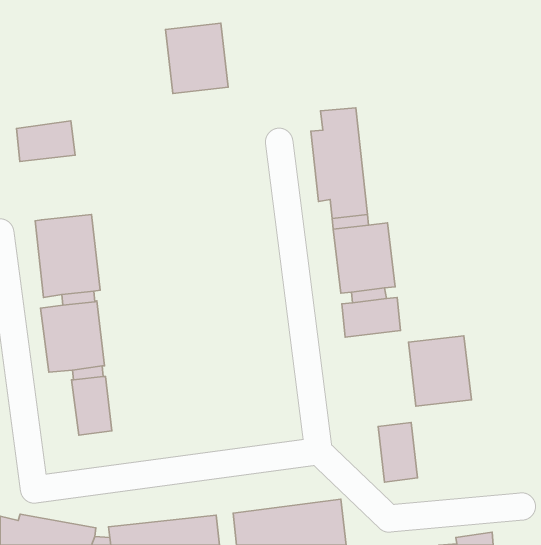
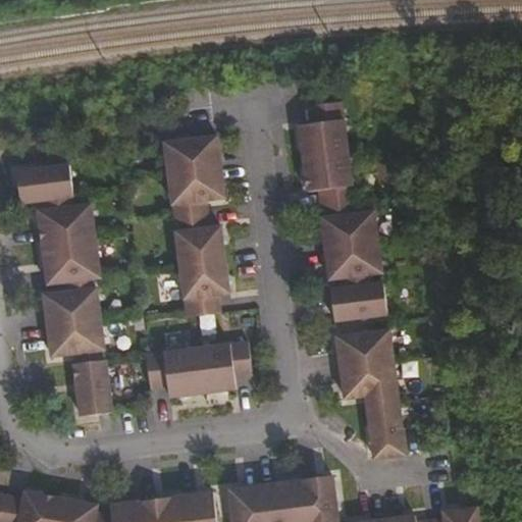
building: [165,23,228,94] -> [165,137,225,204]
building: [17,121,75,161] -> [16,164,72,203]
building: none -> [173,210,228,317]
building: [409,336,471,406] -> [335,332,396,400]
building: none -> [144,343,250,398]

